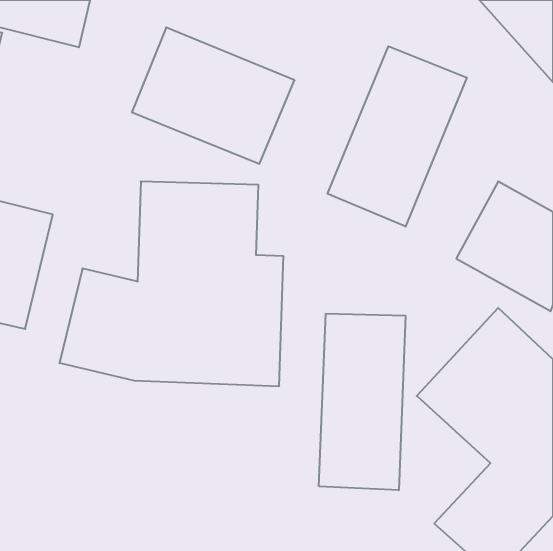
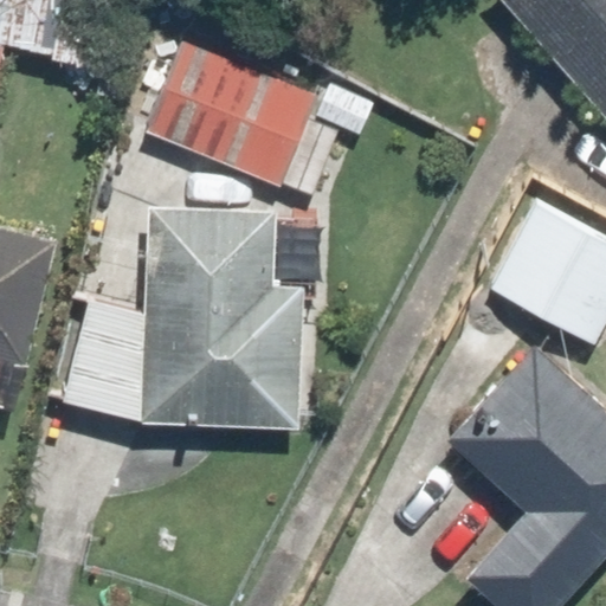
building: [328,46,467,227] -> none
building: [319,314,405,490] -> none

